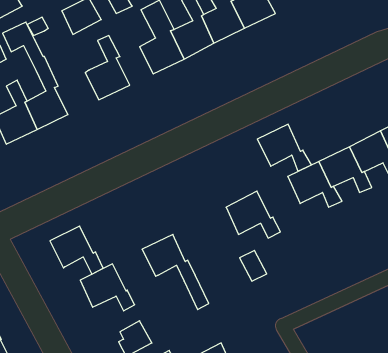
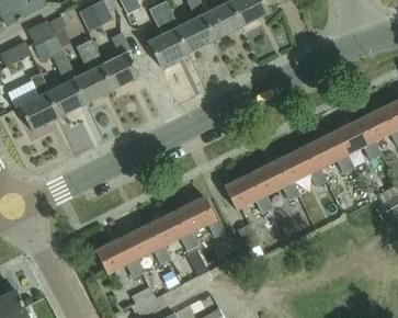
building: none -> [71,38,111,103]
building: [257,124,312,171] -> [251,158,299,200]
building: none -> [177,196,224,237]
building: [50,226,103,274] -> [123,223,170,265]

